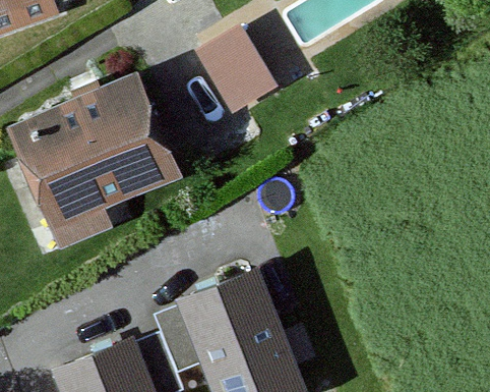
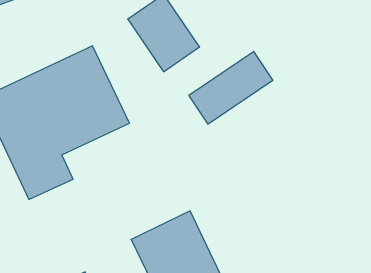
building: none -> [189,51,273,124]

